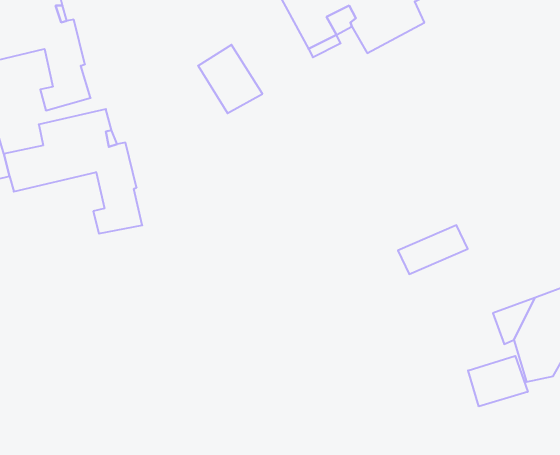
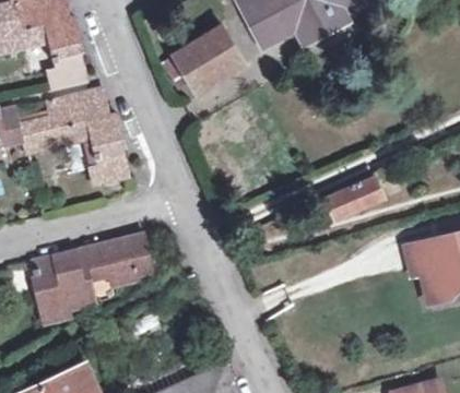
building: none -> [198,25,244,76]
building: none -> [32,235,152,323]
building: [468,356,528,406] -> none

